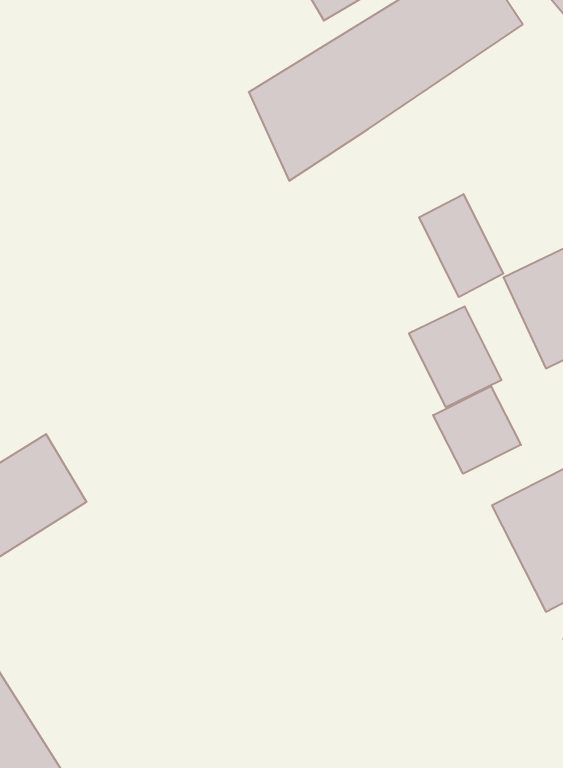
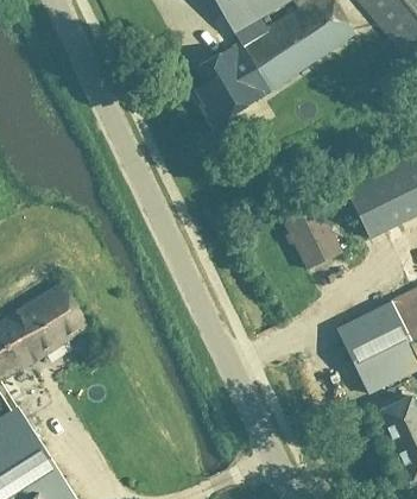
building: [419,194,503,297] -> none
building: [433,386,521,474] -> none

